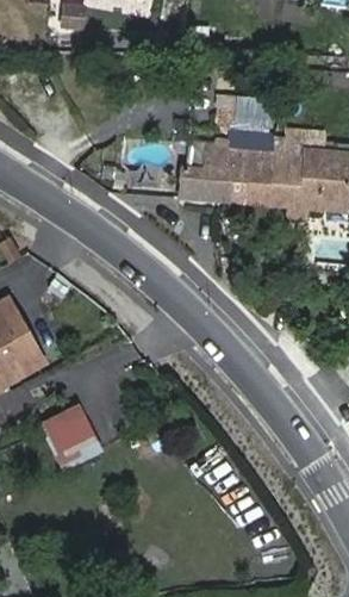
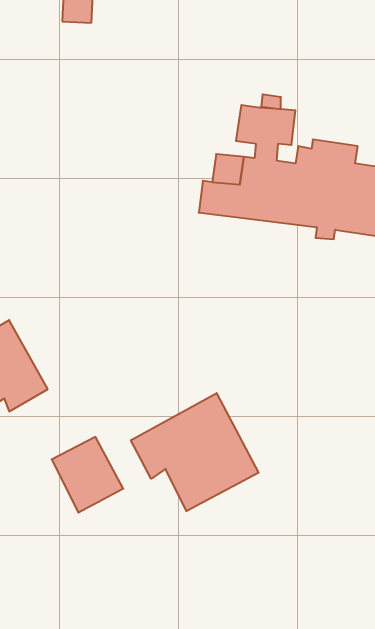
building: none -> [131,393,259,511]

